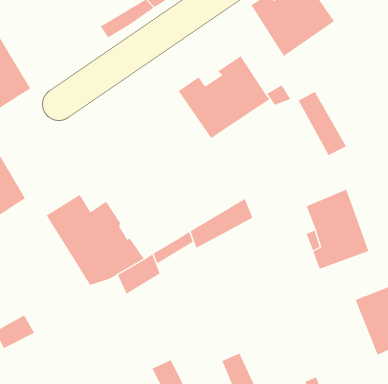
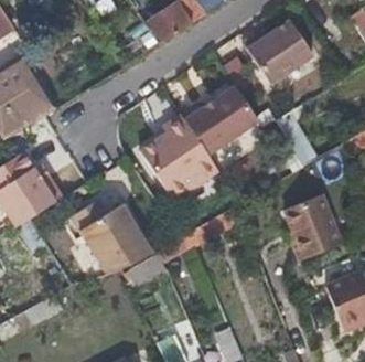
building: none -> [139,111,217,199]

